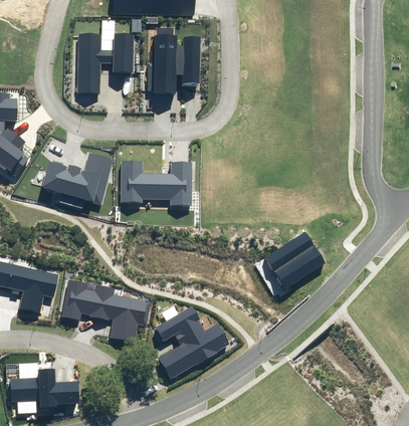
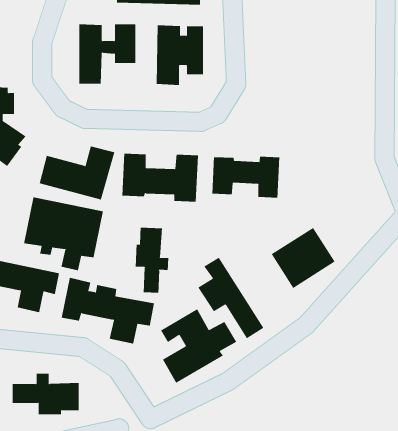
building: none -> [212,156,280,198]
building: none -> [24,197,104,271]
building: none -> [135,227,169,294]
building: none -> [198,257,264,339]

